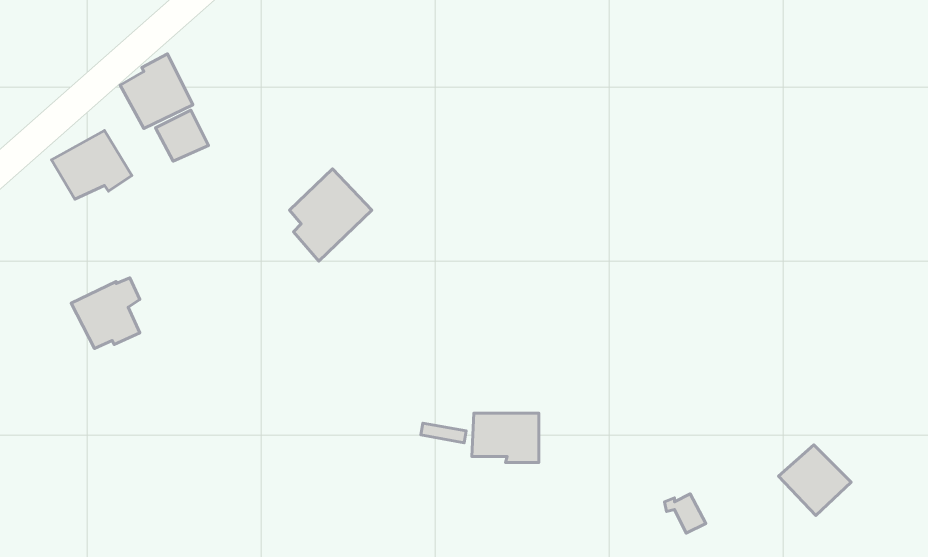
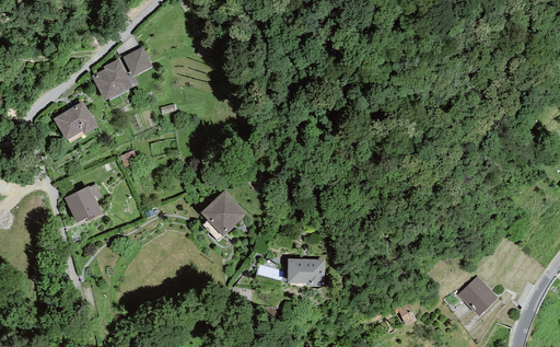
building: [156,110,209,161] -> [124,46,153,74]
building: [289,169,372,261] -> [201,189,247,241]

